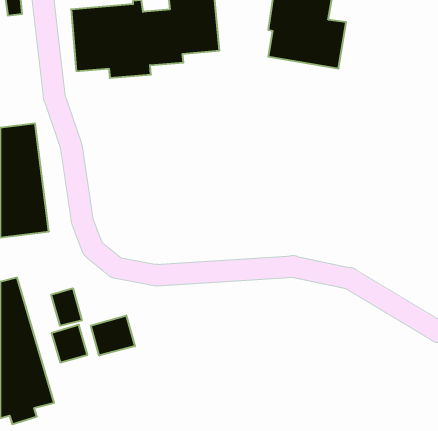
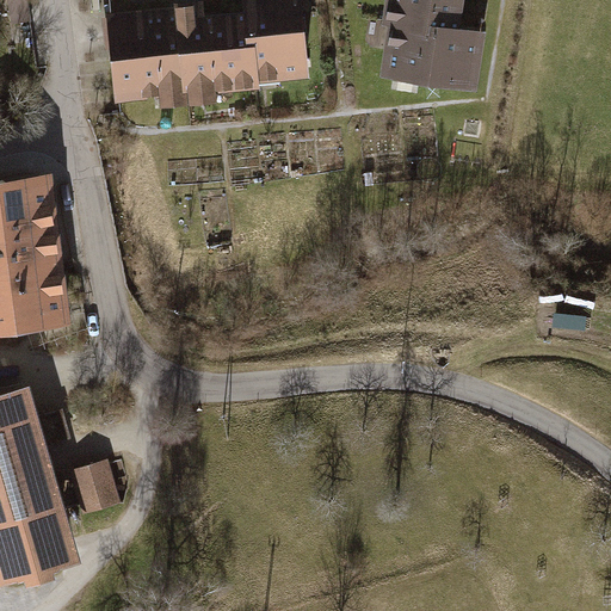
building: [51,288,82,326] -> none
building: [91,315,135,356] -> none

